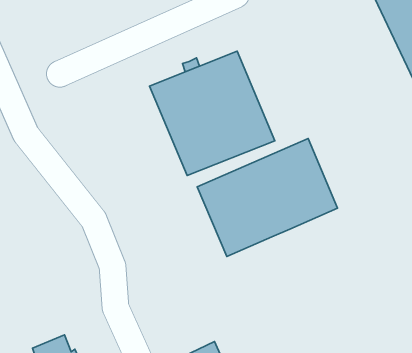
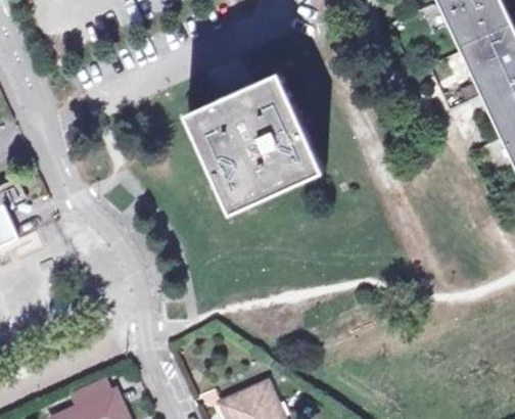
building: [197,139,337,257] -> none

